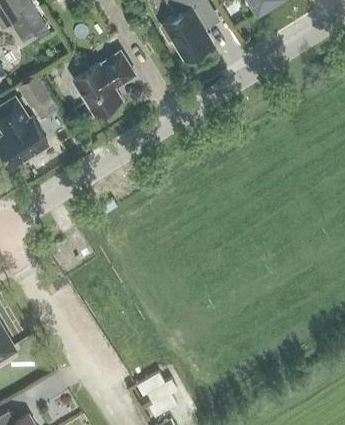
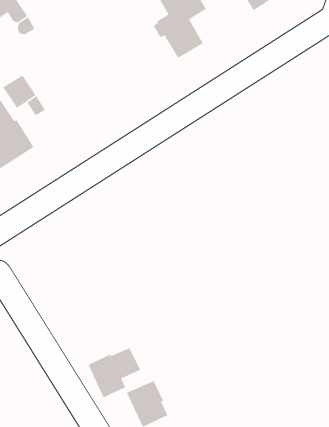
building: [73,52,135,116] -> none
building: none -> [87,347,141,398]

